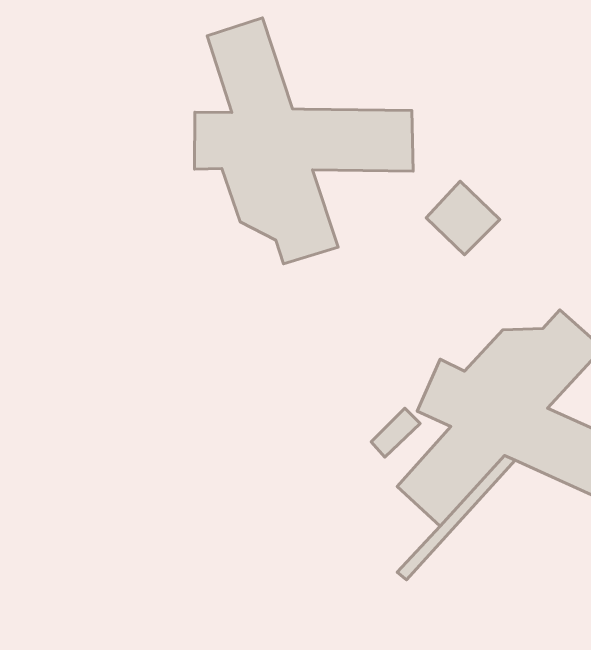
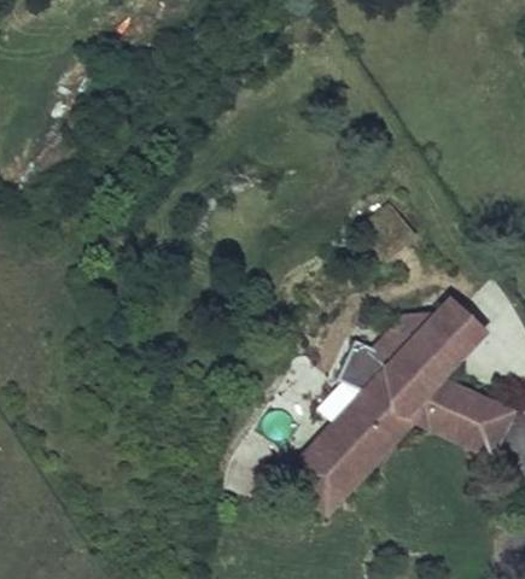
building: [195,18,413,264] -> none
building: none -> [291,437,358,504]

